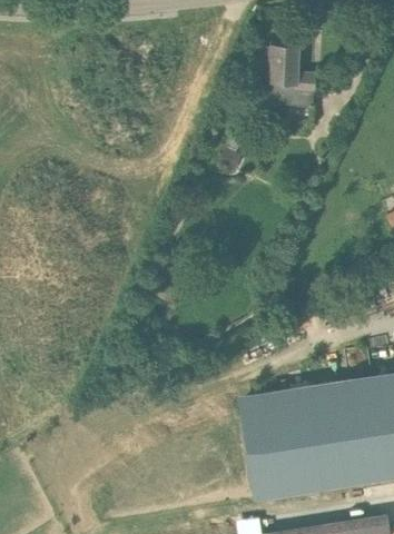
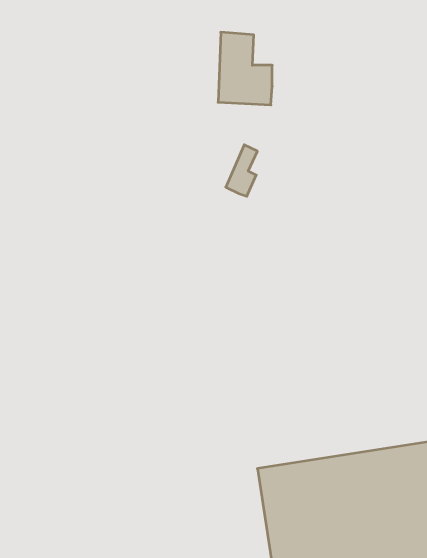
building: [267,44,313,106] -> [218,32,272,105]

